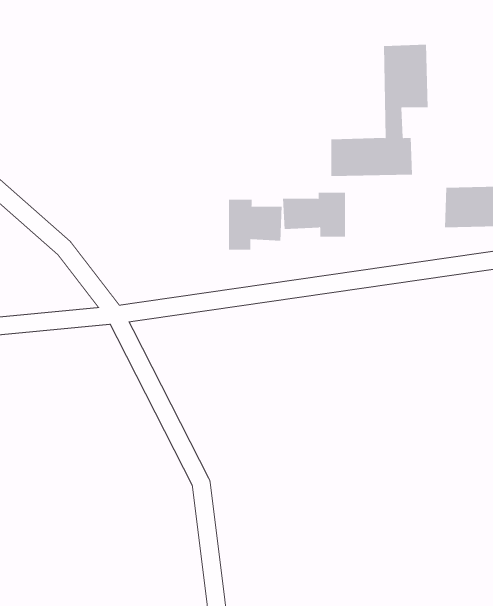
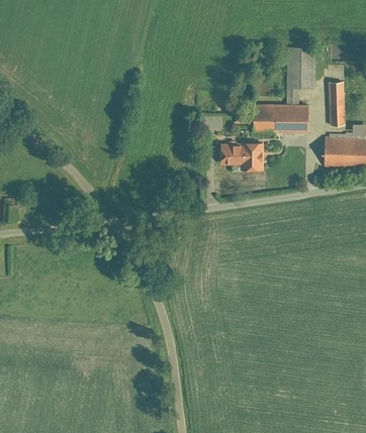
building: none -> [328,83,345,126]
building: [229,199,282,250] -> none

